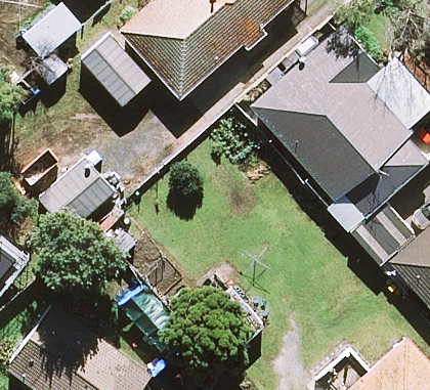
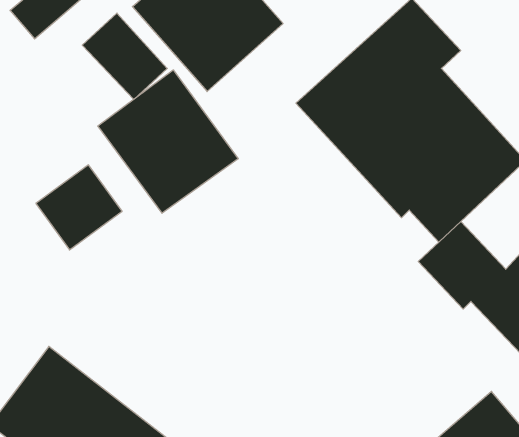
building: none -> [98,70,238,213]

